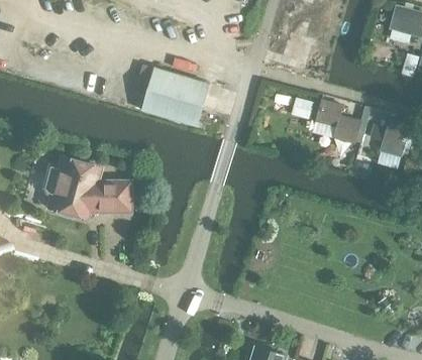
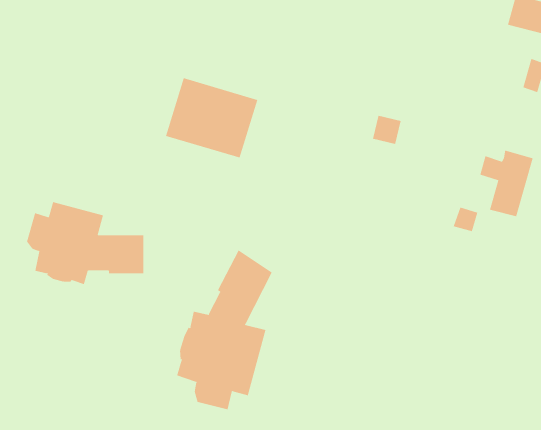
building: [316,101,364,143] -> none
building: none -> [176,249,273,410]

